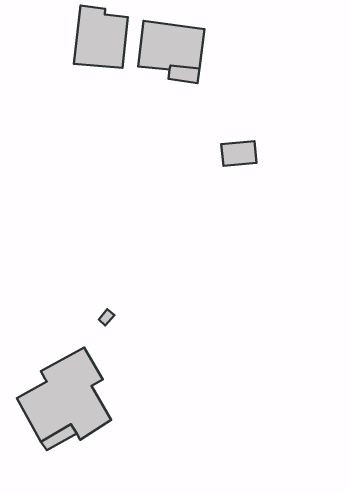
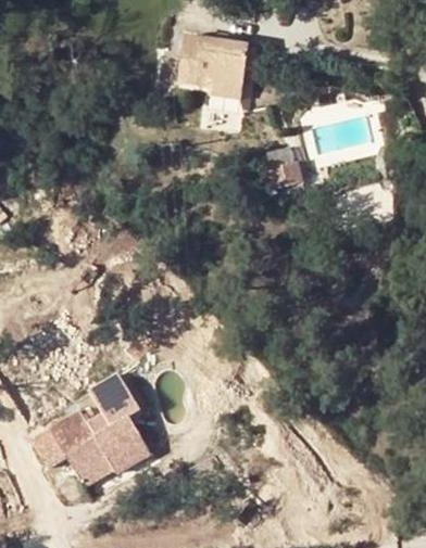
building: [74,6,128,68] -> none

